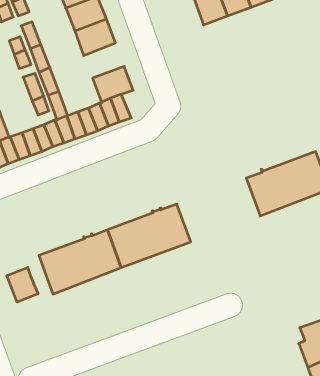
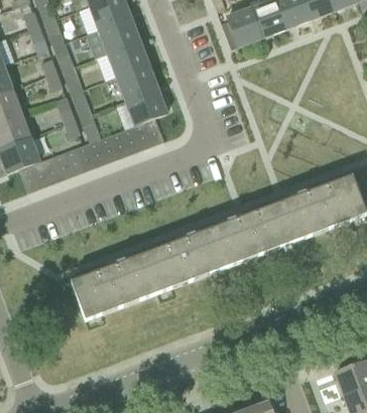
building: none -> [116,63,157,100]
building: none -> [211,201,295,266]
building: [7,267,38,302] -> none

